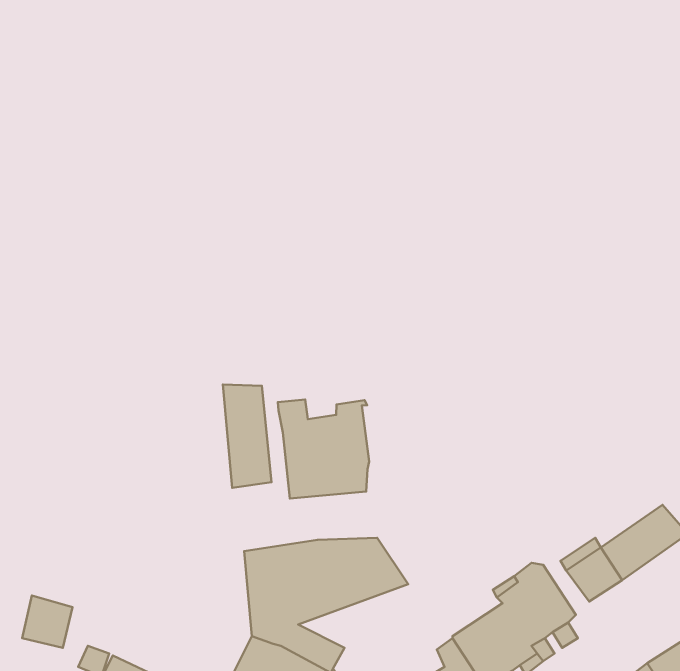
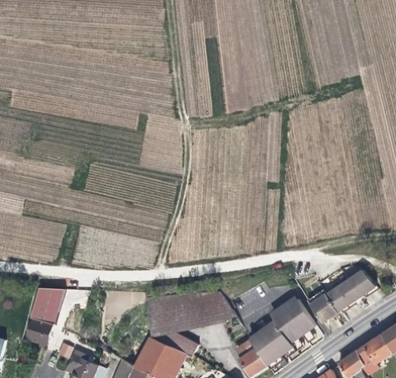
building: [223,384,272,488] -> none
building: [278,400,369,499] -> none
building: none -> [32,286,66,322]

